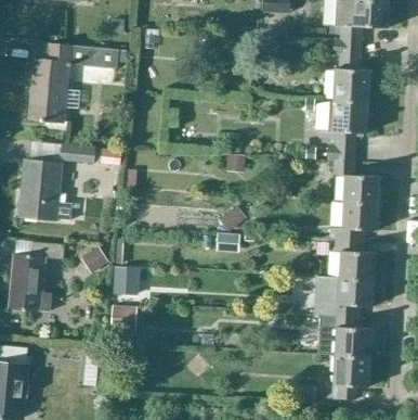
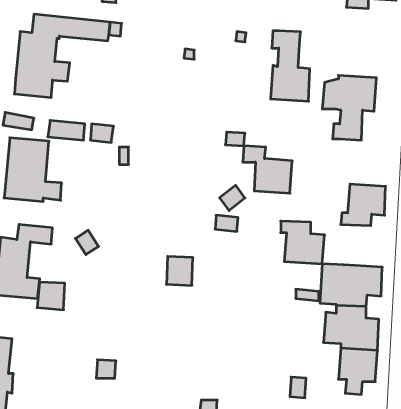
building: [332,37,369,103] -> [271,31,310,101]
building: [332,161,379,205] -> [243,146,292,193]
building: [335,241,376,281] -> [281,221,325,264]
building: [114,267,139,294] -> [166,256,193,285]
building: [110,304,136,330] -> [37,282,65,310]

